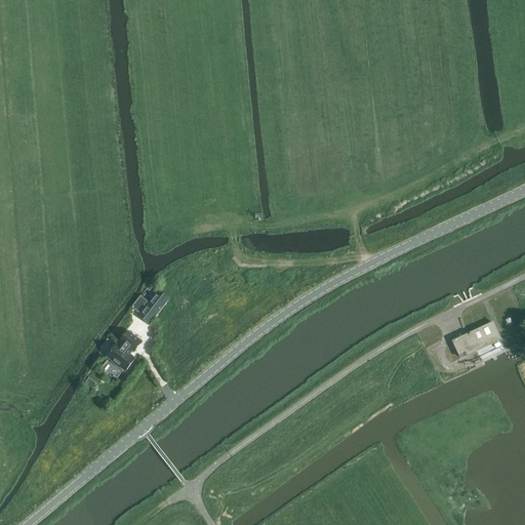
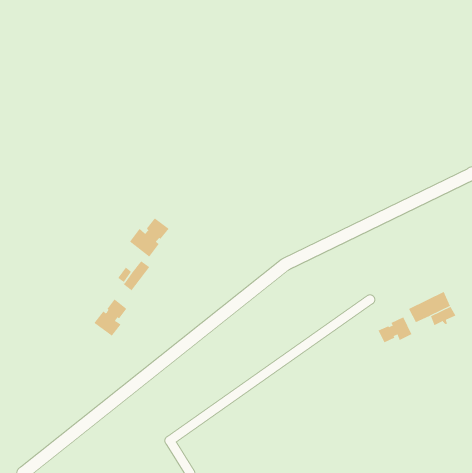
building: none -> [129,218,169,257]
building: none -> [378,316,412,343]

